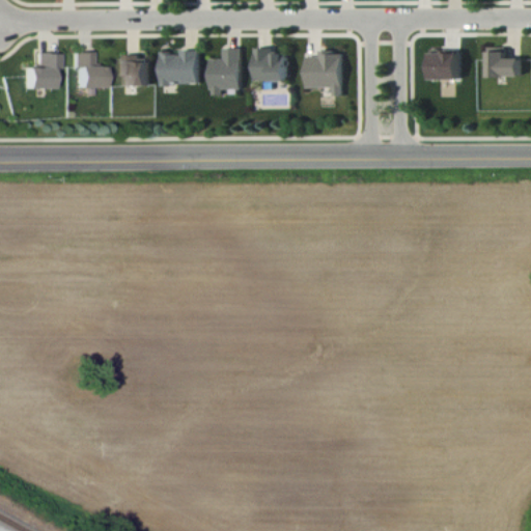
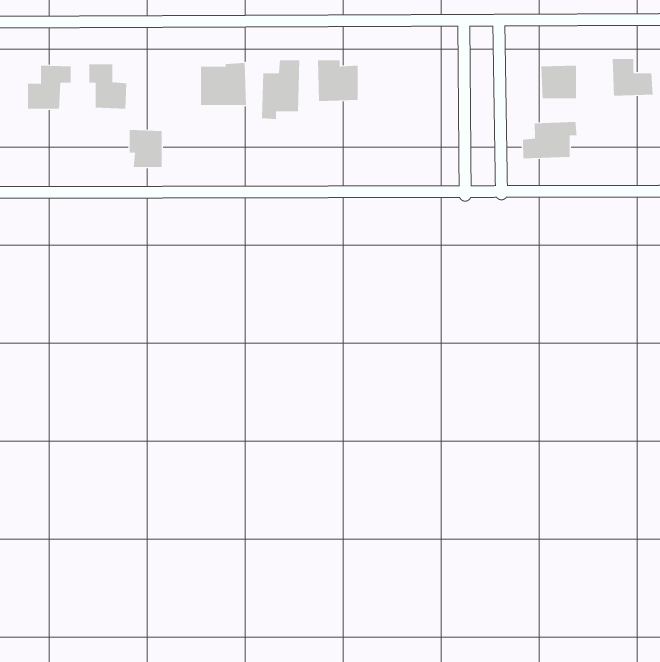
building: [307,51,343,95] -> none
building: [119,55,146,85] -> [129,130,163,167]
building: none -> [522,121,577,159]

